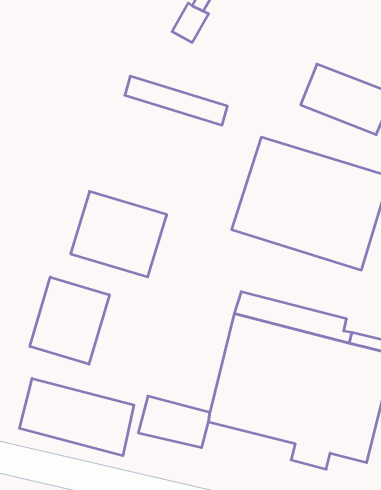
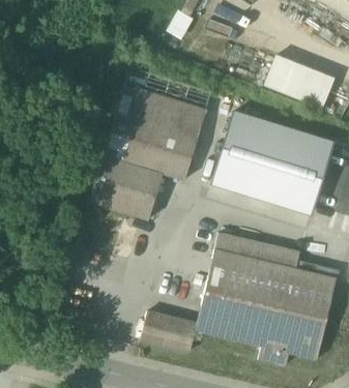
building: none -> [104,83,206,178]
building: [30,277,109,364] -> none
building: [19,378,134,456] -> none

